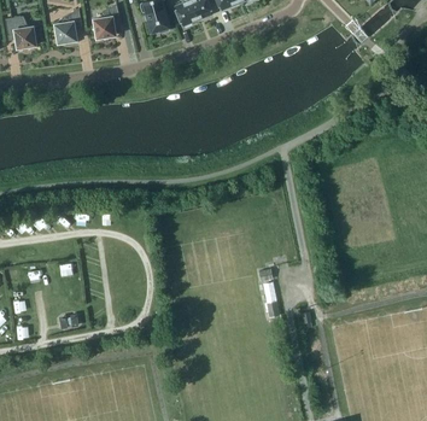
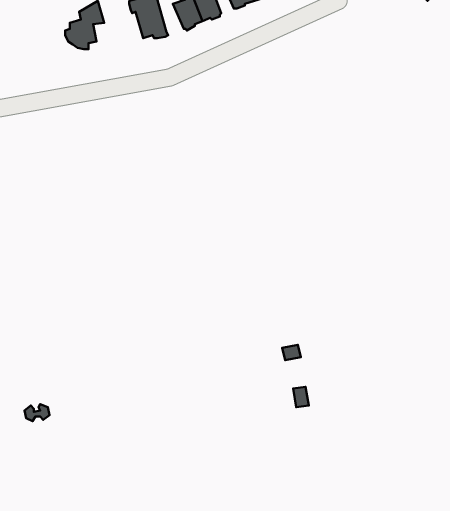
building: [54,8,82,45] -> none

